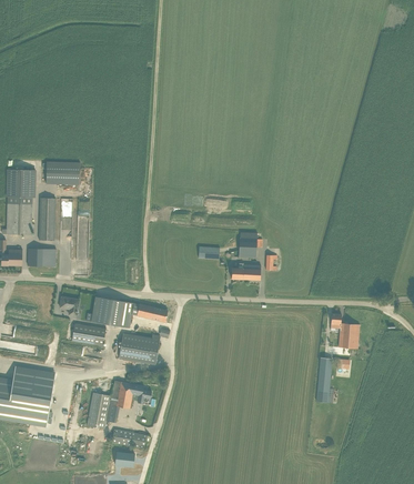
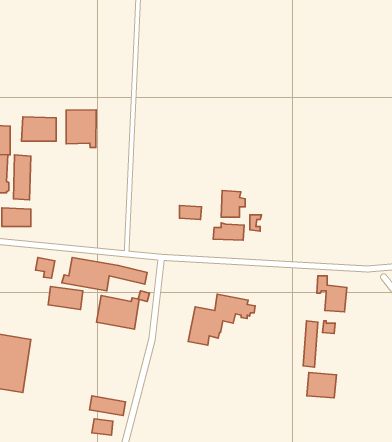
building: none -> [66,110,96,148]
building: [87,380,151,428] -> [188,294,255,345]
building: none -> [307,373,336,398]

